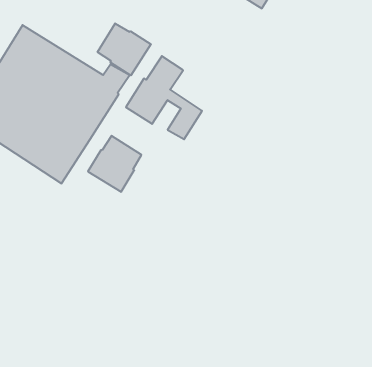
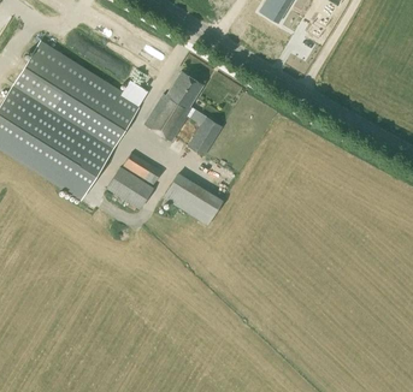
building: [98,23,151,75] -> none
building: none -> [161,172,223,225]

